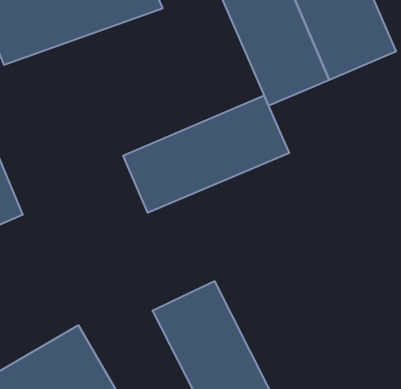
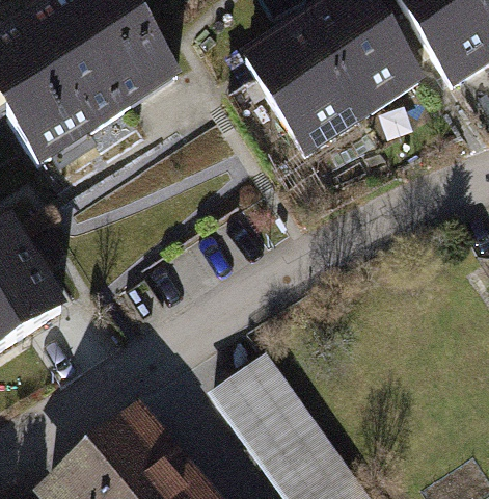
building: [123,96,289,213] -> none

